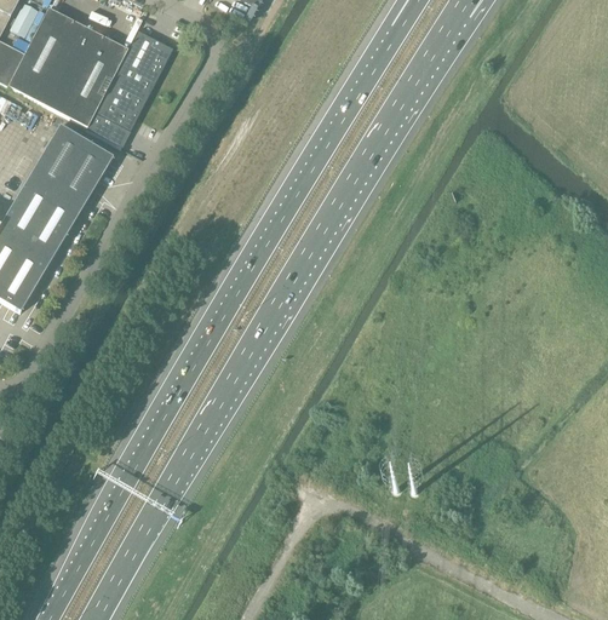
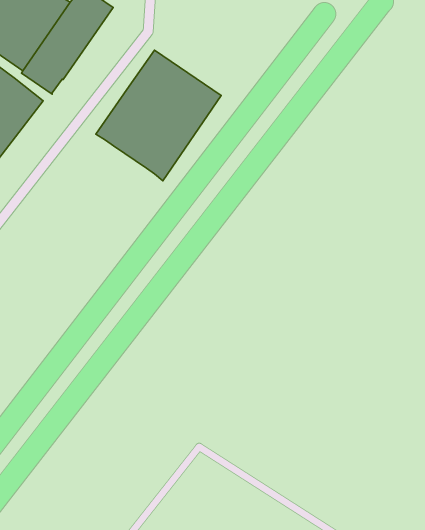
building: none -> [96,50,221,181]

